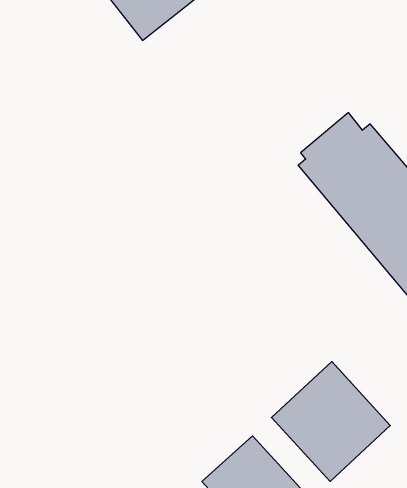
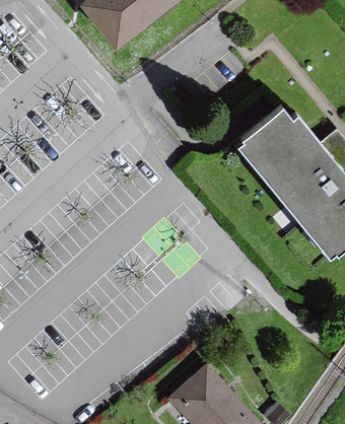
building: [271,362,390,481] -> none

